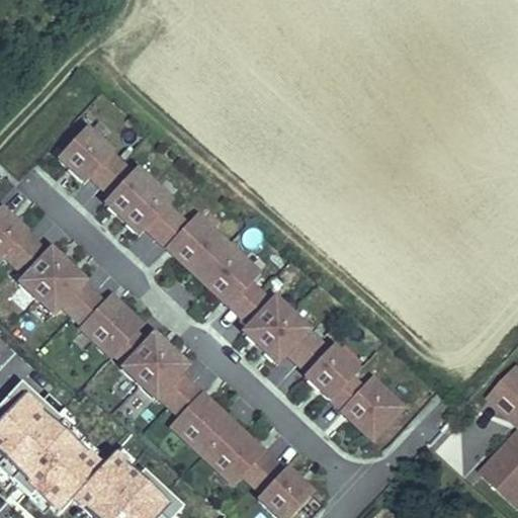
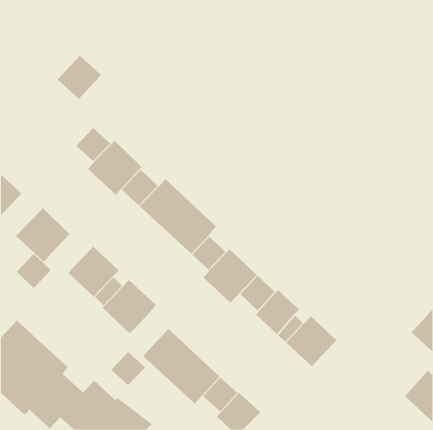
building: [58,127,111,181] -> [57,55,102,100]
building: [5,231,48,273] -> none
building: [63,279,105,322] -> [16,253,51,289]
building: [159,372,201,414] -> [110,351,146,386]

